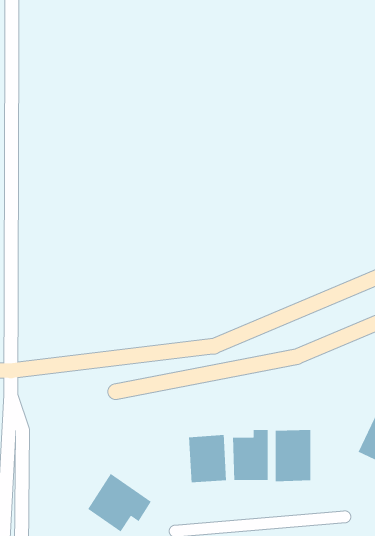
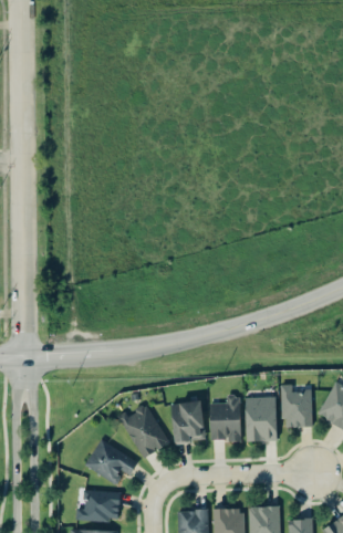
building: none -> [281,385,312,428]
building: none -> [121,404,172,459]

